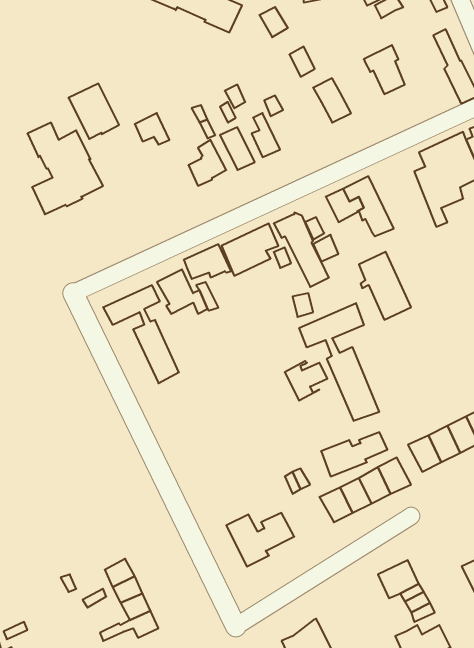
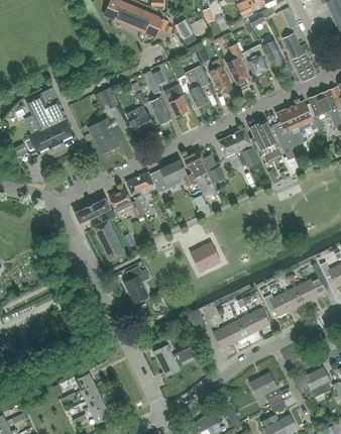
building: none -> [259,39,286,69]
building: none -> [226,43,248,84]
building: none -> [186,67,209,106]
building: [68,84,119,139] -> [88,118,120,153]
building: [359,252,411,320] -> [249,119,282,162]
building: [299,303,379,421] -> none
building: none -> [123,266,149,305]

